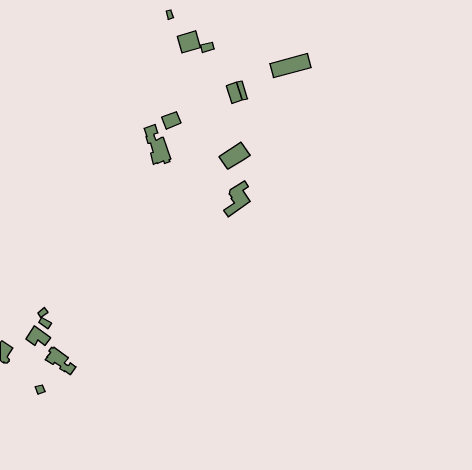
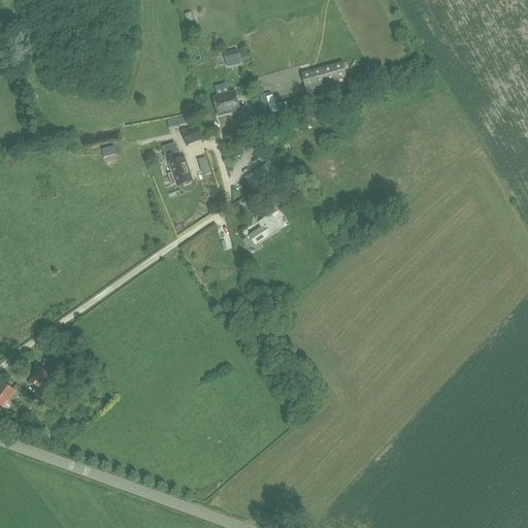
building: [177,31,200,53] -> [213,90,239,114]
building: [45,347,76,375] -> none

